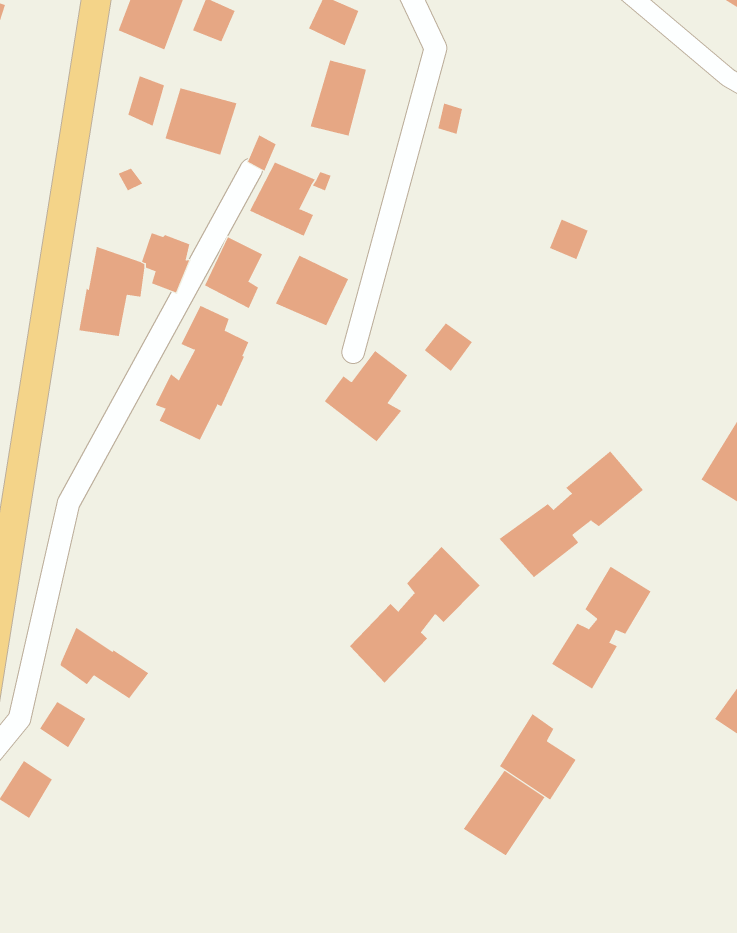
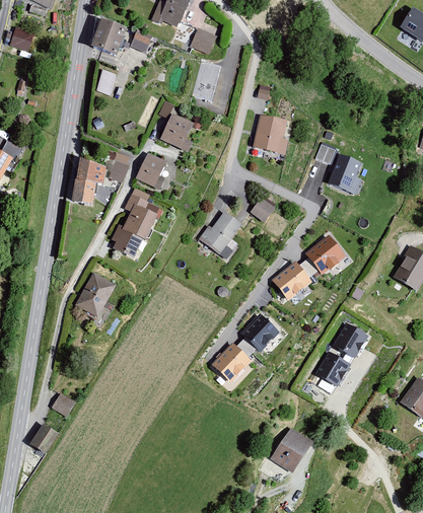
building: [165,88,237,155] -> none
building: none -> [252,114,288,154]
building: none -> [329,153,361,195]
building: [275,255,349,326] -> none
building: [499,450,644,578] -> [270,234,345,300]
building: none -> [75,272,116,317]
building: [60,627,149,699] -> none
building: [499,713,577,801] -> none

